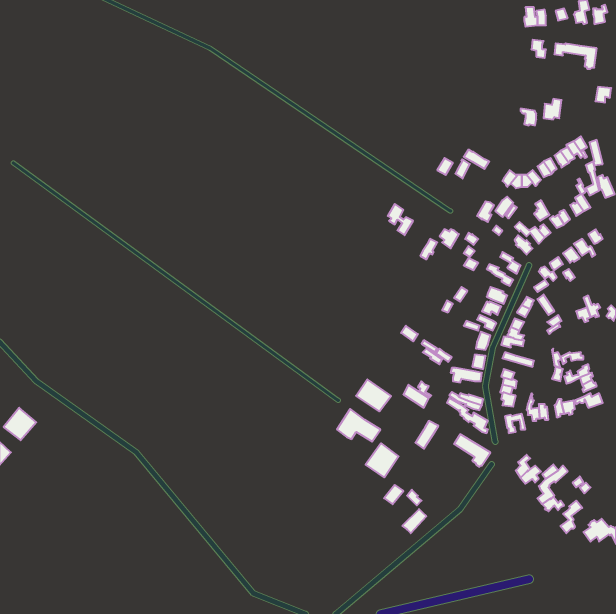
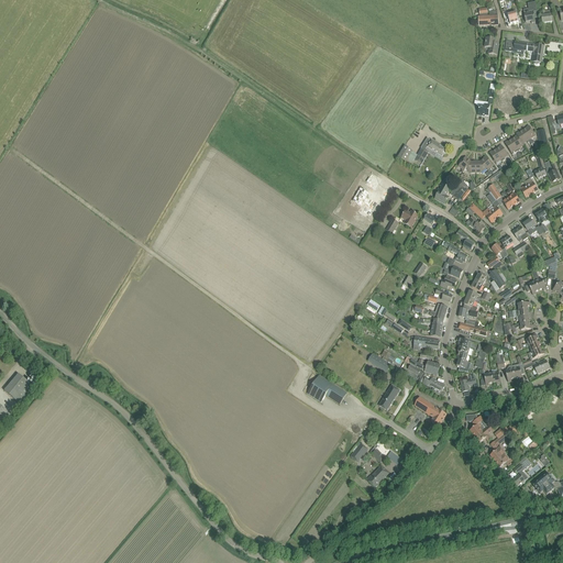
building: [356,379,391,411] -> none
building: [366,443,399,477] -> none

